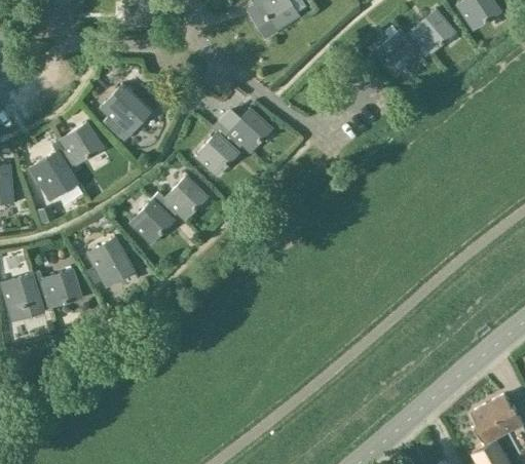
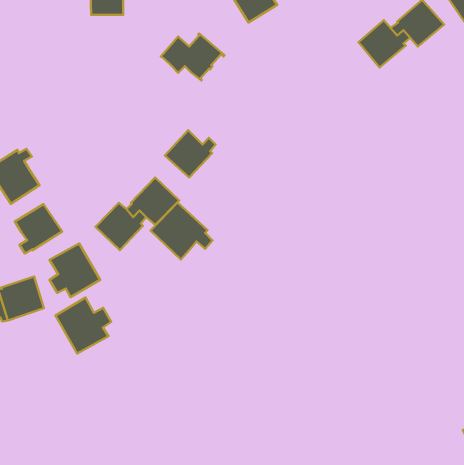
building: [100,84,150,134] -> none
building: [213,108,272,152] -> [161,33,224,81]
building: [59,122,103,168] -> [15,204,62,253]
building: none -> [150,202,213,259]
building: none -> [55,297,111,353]

